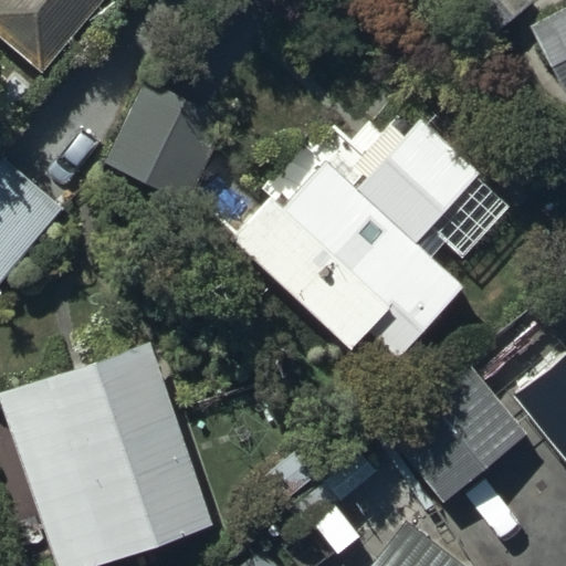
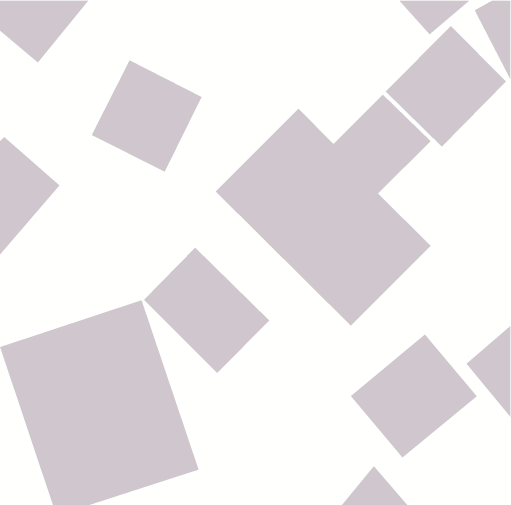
building: none -> [385,25,507,148]
building: none -> [143,247,270,374]

